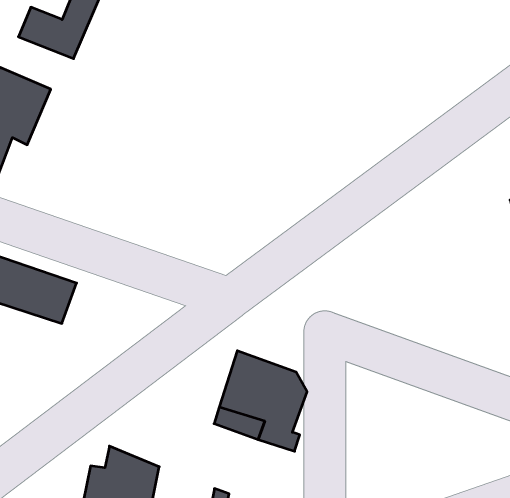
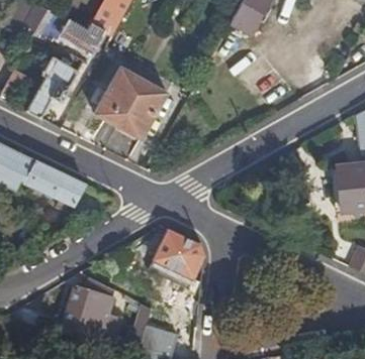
building: none -> [94,67,166,137]

